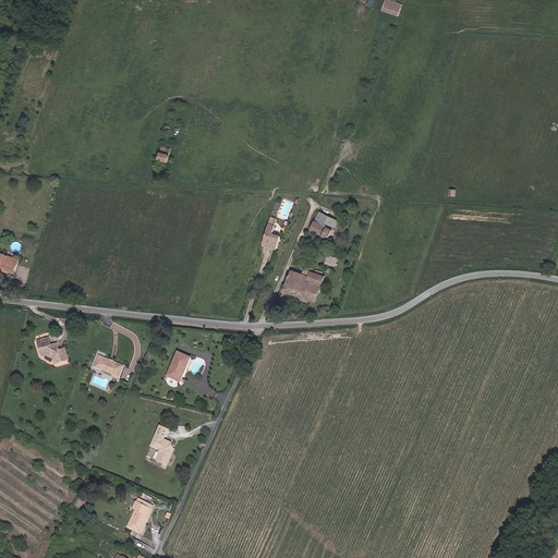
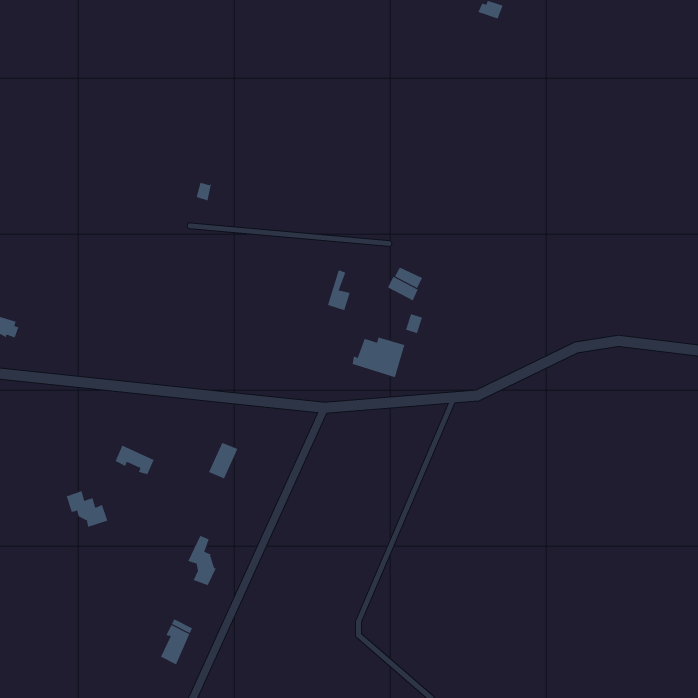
building: [35,336,69,365] -> [66,491,108,528]

